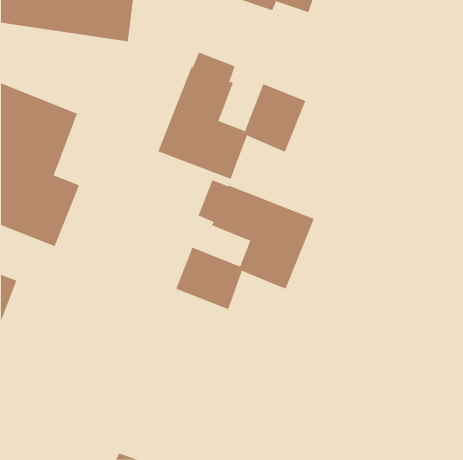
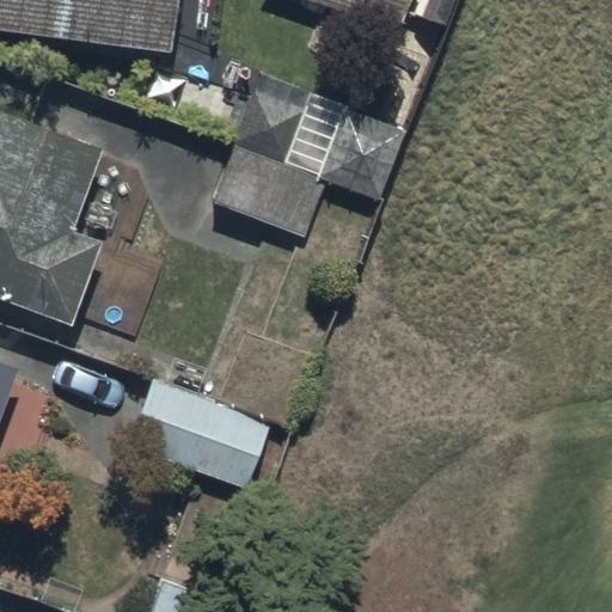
building: [176,180,315,310] -> none
building: none -> [129,379,269,486]

